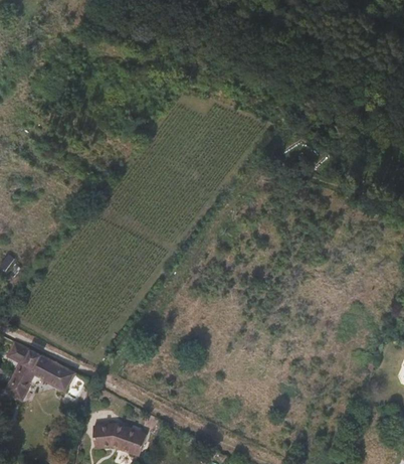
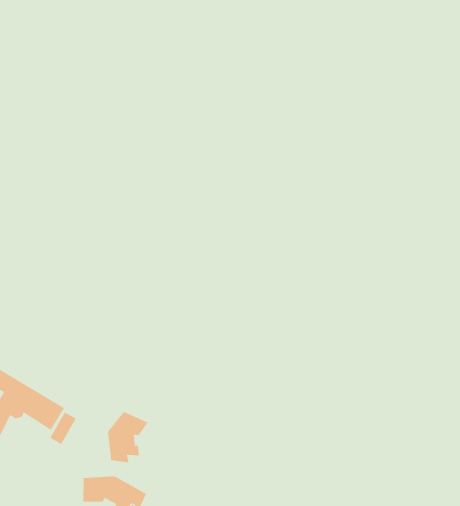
building: none -> [108,411,148,463]

